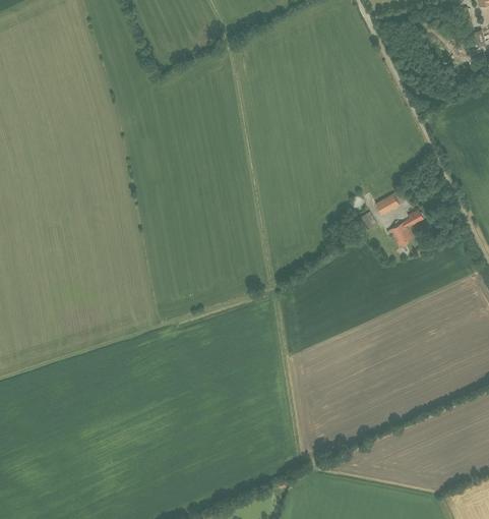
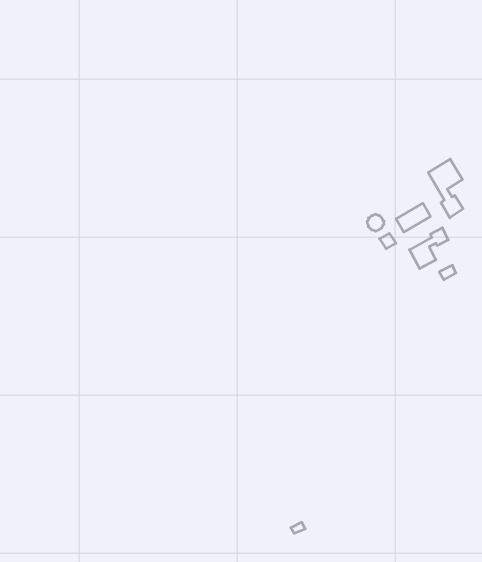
building: none -> [428,159,463,218]

